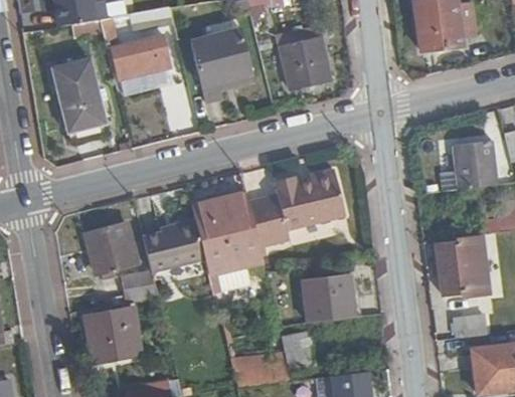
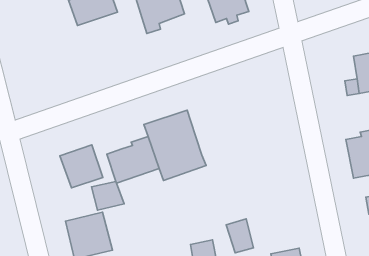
building: [51,58,108,144] -> none
building: [248,174,347,248] -> none
building: [302,274,355,322] -> none

